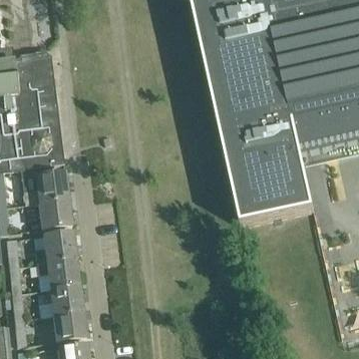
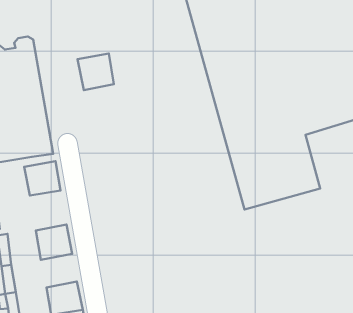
building: none -> [78,54,114,90]
building: [39,199,72,229] -> none
building: [46,259,79,289] -> none

